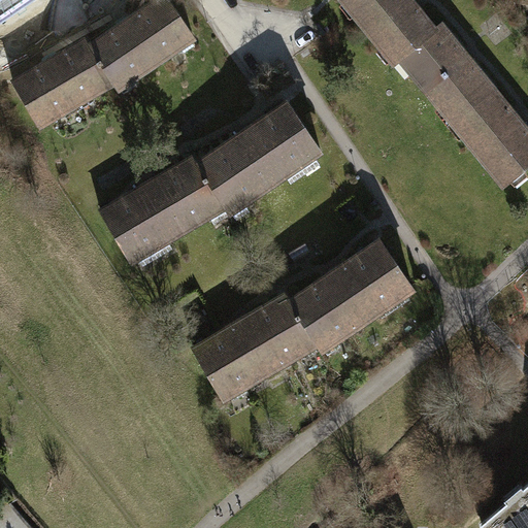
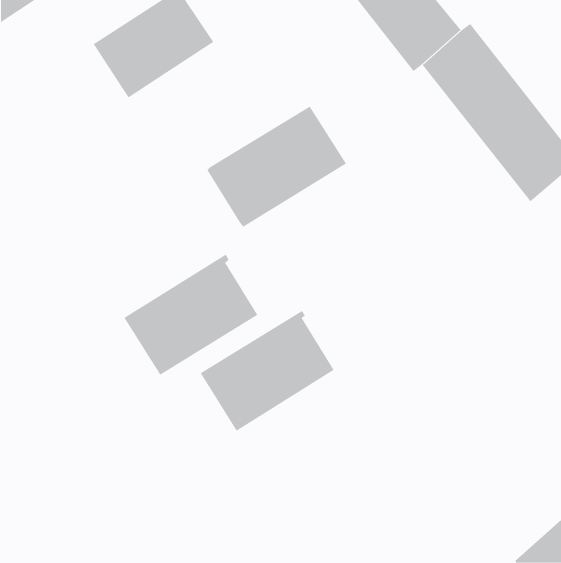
building: [15,35,117,126] -> none
building: [100,151,226,264] -> [123,254,258,375]
building: [286,237,416,352] -> none

